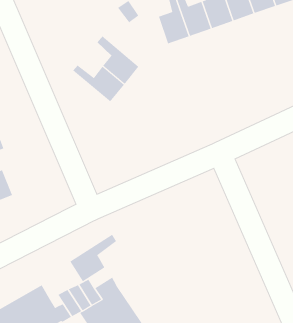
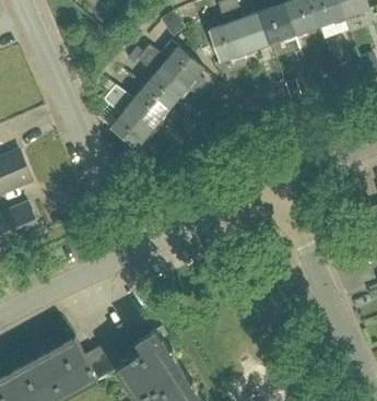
building: none -> [143,40,203,87]
building: none -> [103,92,153,149]
building: [70,234,117,282] -> none

